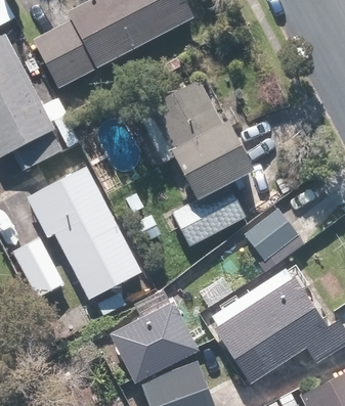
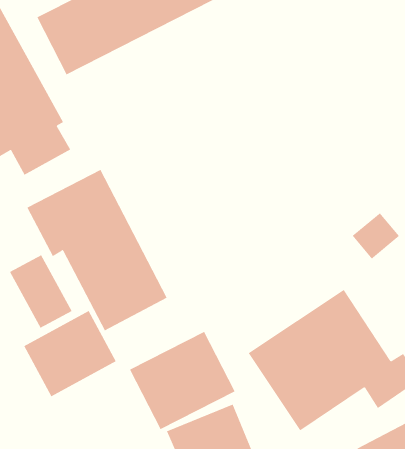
building: [147,79,256,246] -> none
building: [242,207,297,262] -> none
building: none -> [23,310,117,397]

